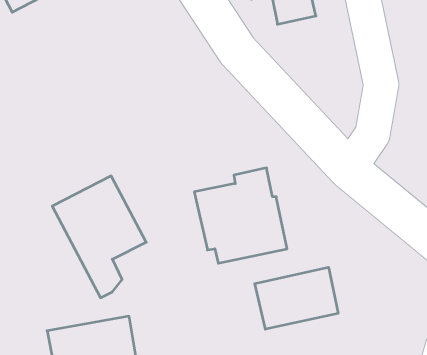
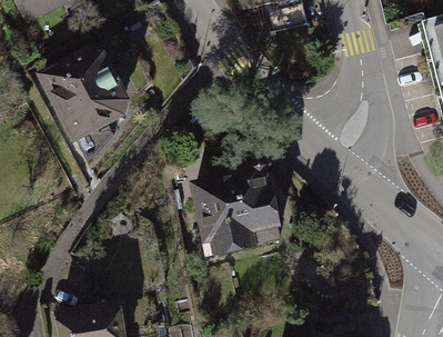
building: [52,176,146,298] -> [39,47,125,159]
building: [255,267,338,329] -> none

